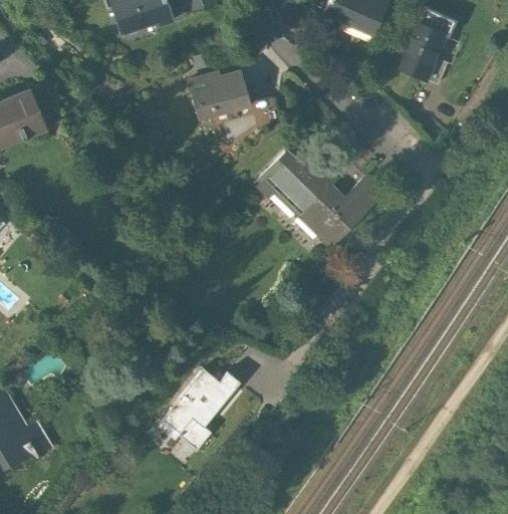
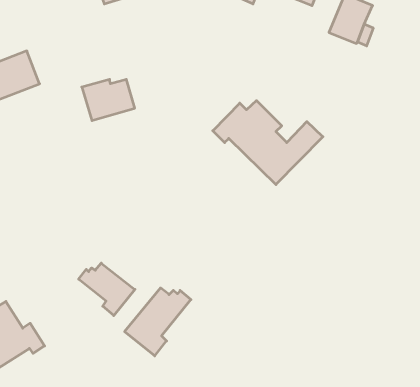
building: [189,71,252,120] -> [82,79,135,121]
building: none -> [79,263,135,316]

